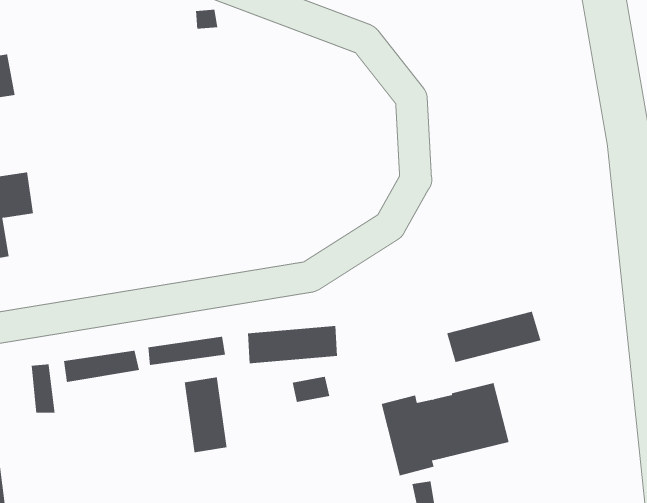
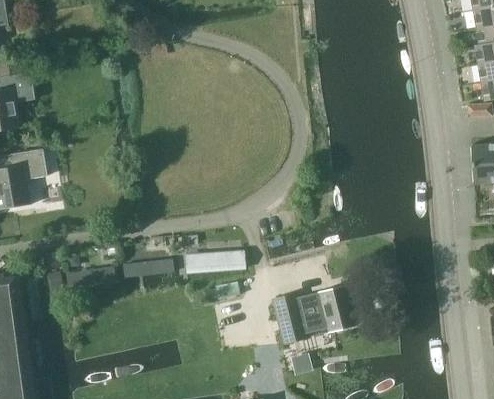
building: [446,311,541,363] -> none
building: [184,376,227,453] -> none

